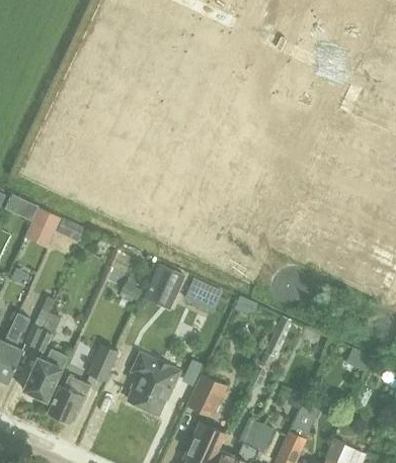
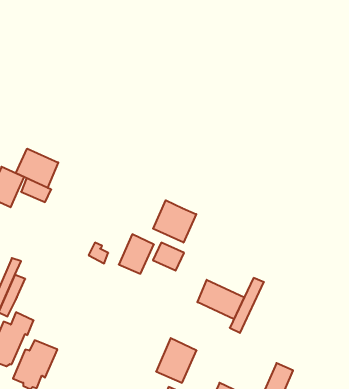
building: none -> [16,149,58,188]
building: none -> [153,200,196,243]
building: none -> [197,280,244,319]
building: [88,344,118,381] -> none
building: [127,352,179,413] -> none

